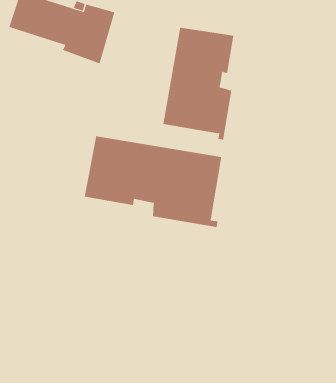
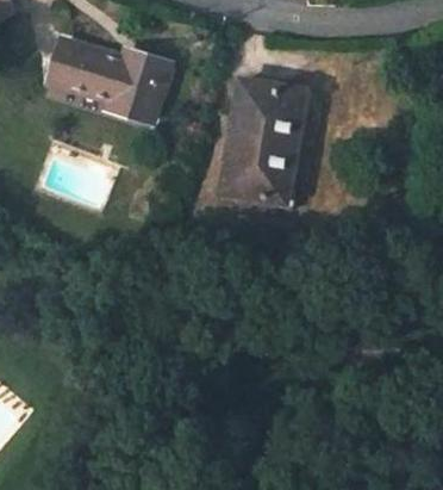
building: [84,135,222,228] -> none

